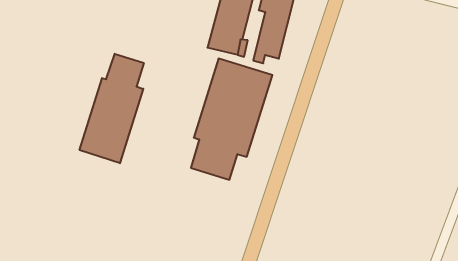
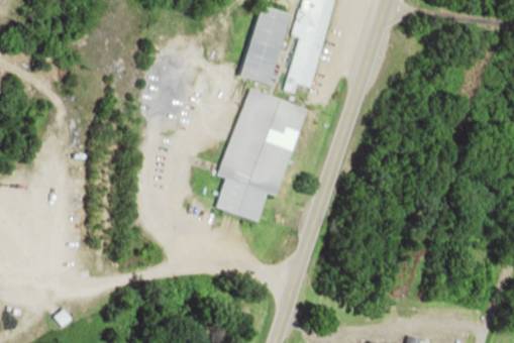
building: [80,54,144,163] -> none

